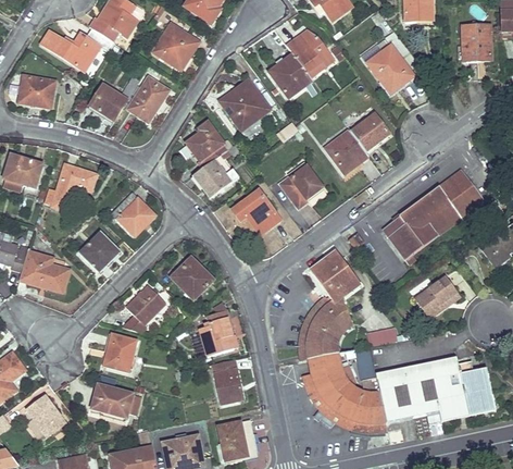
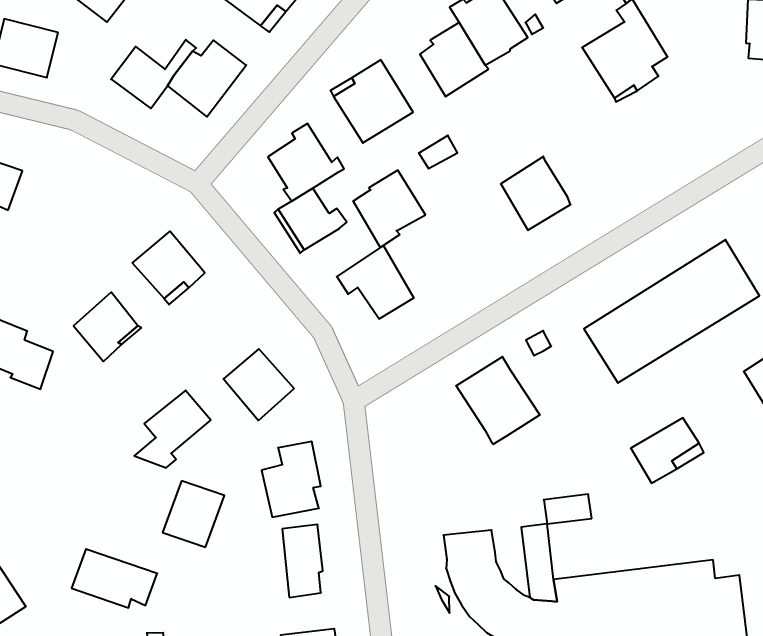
building: [350,112,389,151] -> none
building: [279,162,323,209] -> [353,170,425,248]
building: [45,164,96,211] -> none
building: [306,296,352,358] -> none
building: [102,333,137,371] -> [163,481,224,547]

